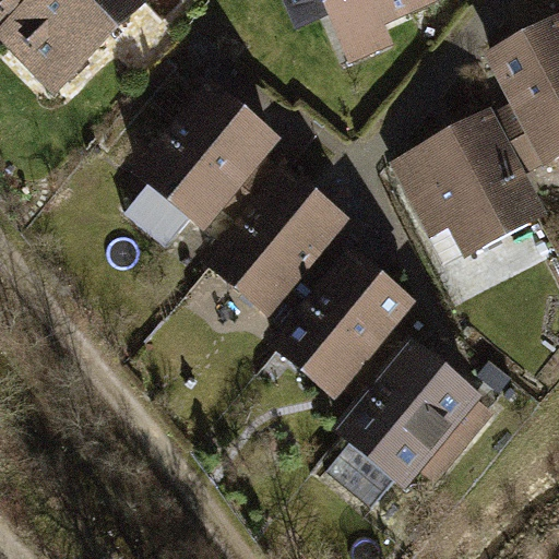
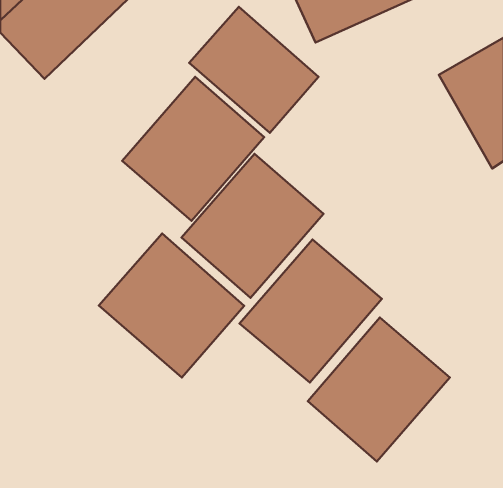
building: none -> [189,7,318,133]
building: [403,110,545,261] -> none
building: none -> [99,234,244,378]

